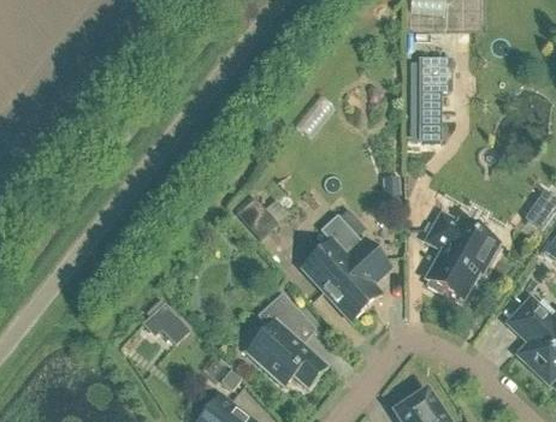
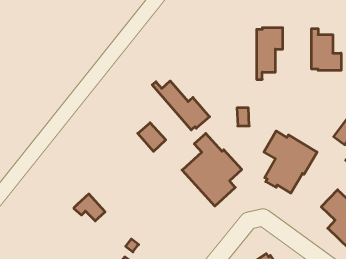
building: none -> [312,29,341,70]
building: none -> [152,81,210,130]
building: [246,292,326,386] -> none

